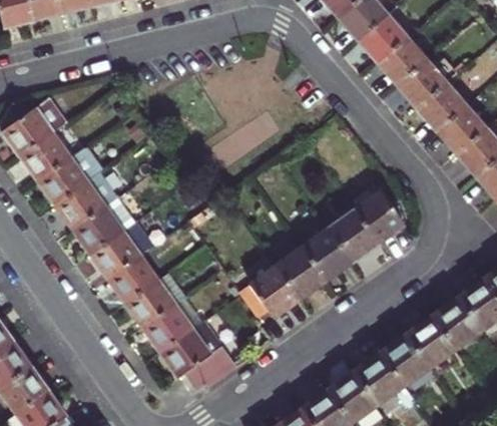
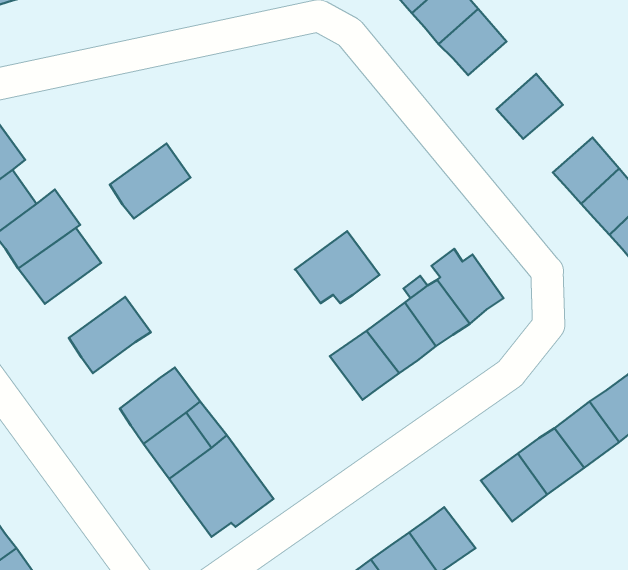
building: [378,41,426,89] -> none
building: [417,86,466,134] -> none
building: [77,198,134,252] -> [110,144,190,218]
building: [111,255,159,302] -> none
building: [242,265,303,316] -> [295,231,380,303]
building: [361,353,409,401] -> none

